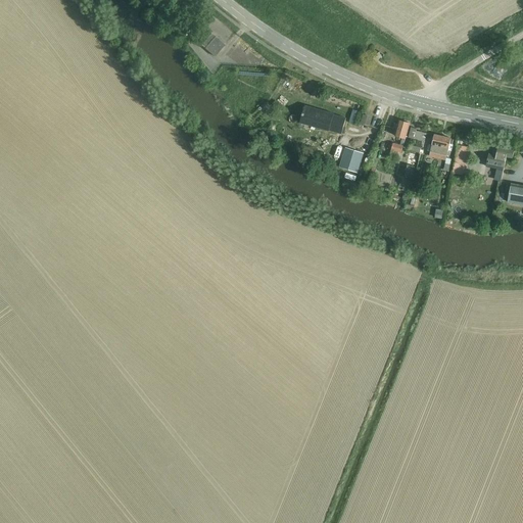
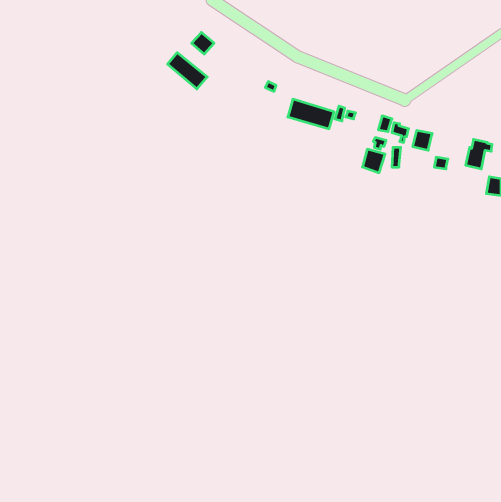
building: none -> [168,53,207,89]
building: [339,150,363,175] -> [362,149,385,173]

